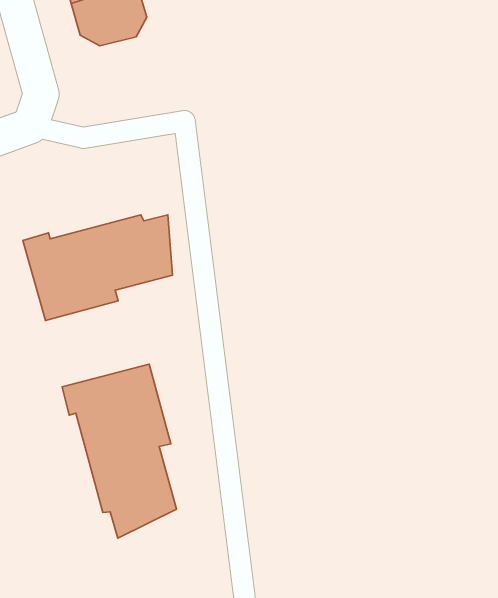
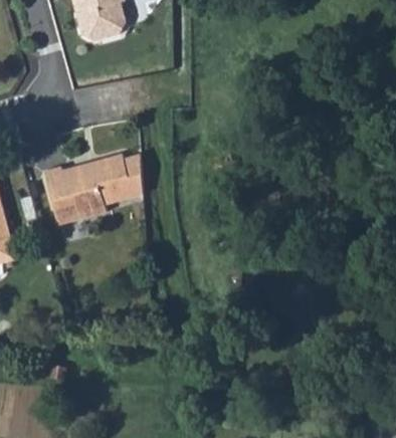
building: [62,364,177,538] -> none

